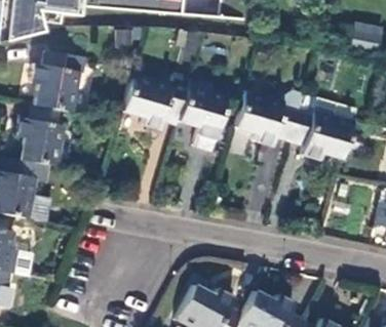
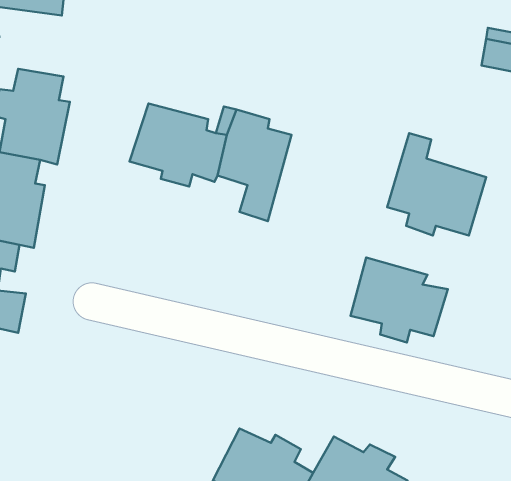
building: [236,90,300,146] -> [350,258,448,342]

